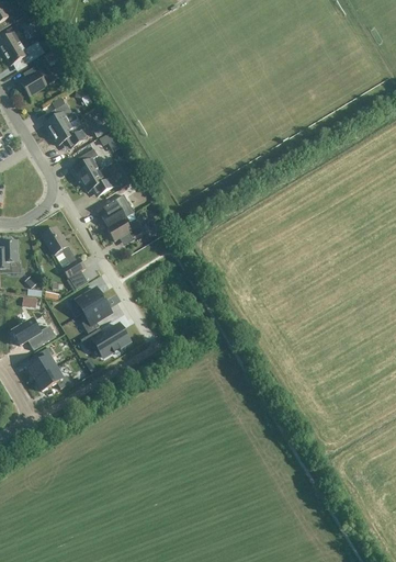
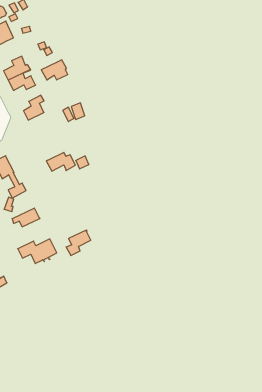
building: [79,166,112,192] -> [41,60,68,80]
building: [101,194,133,227] -> none
building: [80,300,110,333] -> [66,230,91,256]

